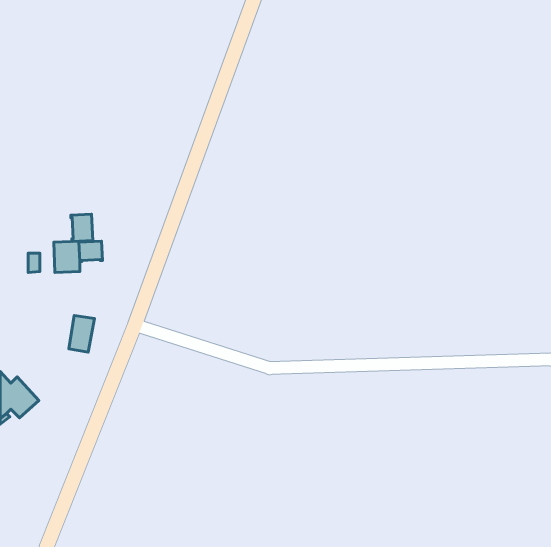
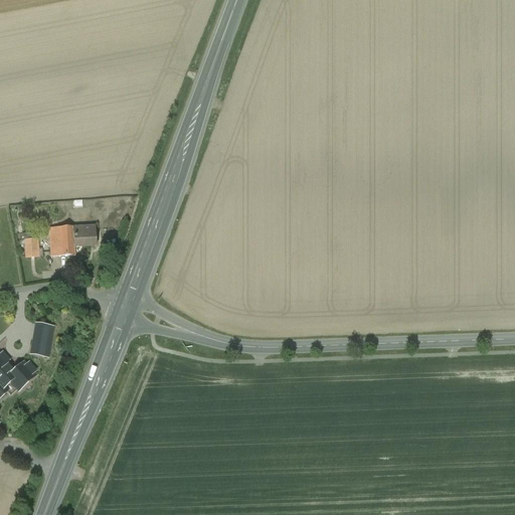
building: [71,214,93,241] -> none
building: [69,315,95,352] -> [30,322,54,356]

